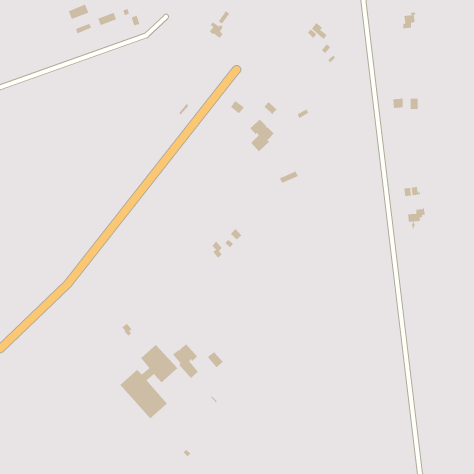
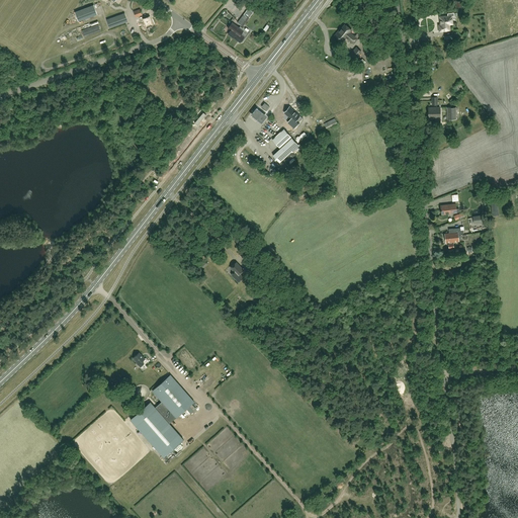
building: [172,343,199,379] -> none

